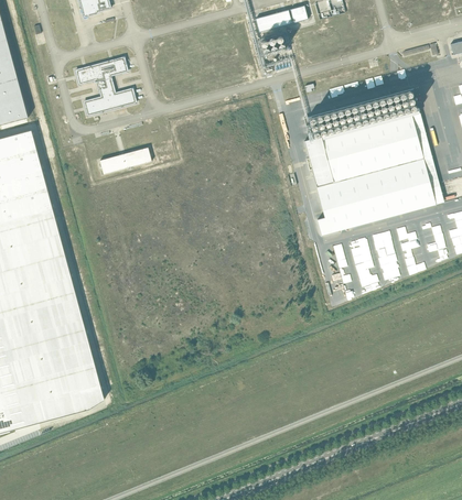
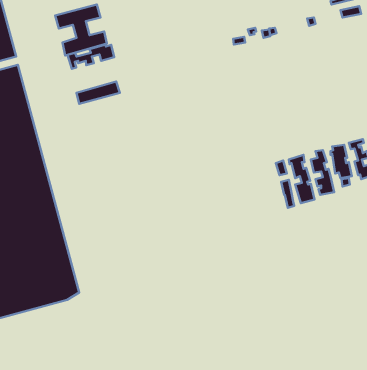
building: [303,90,434,236] -> none
building: none -> [68,44,114,69]

